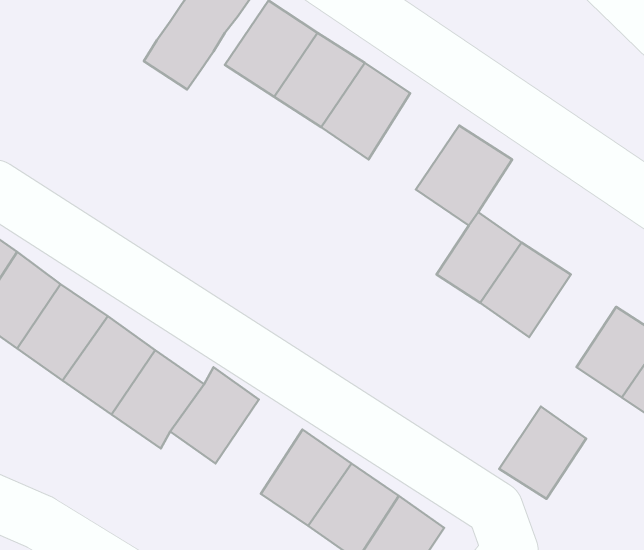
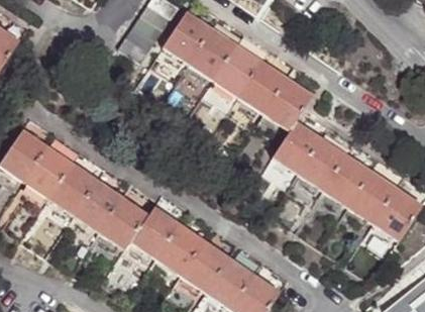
building: none -> [238,61,287,112]
building: none -> [156,224,203,275]
building: [499,406,586,499] -> [324,158,370,207]

